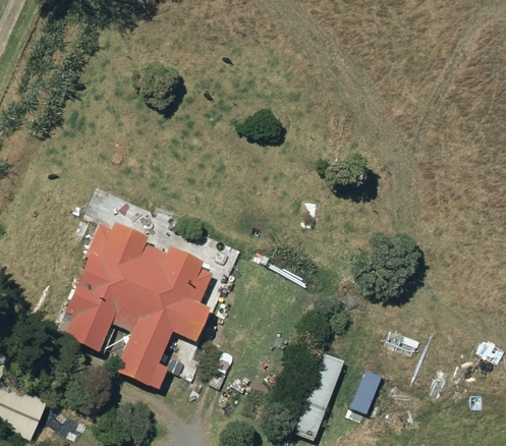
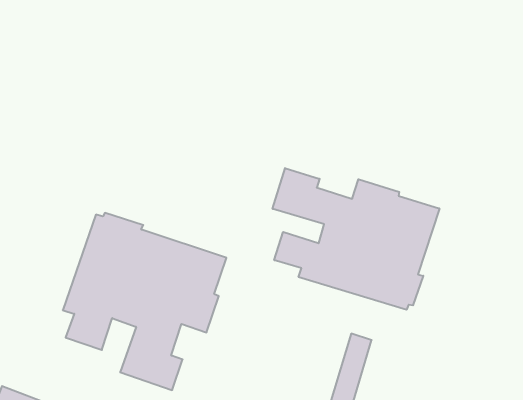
building: none -> [273,168,439,310]

